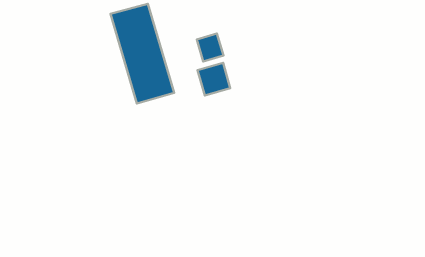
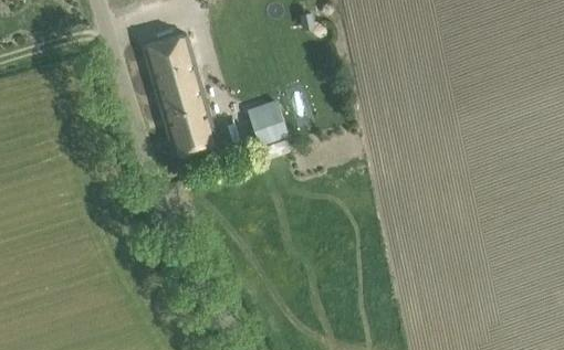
building: [197,34,223,62] -> none

